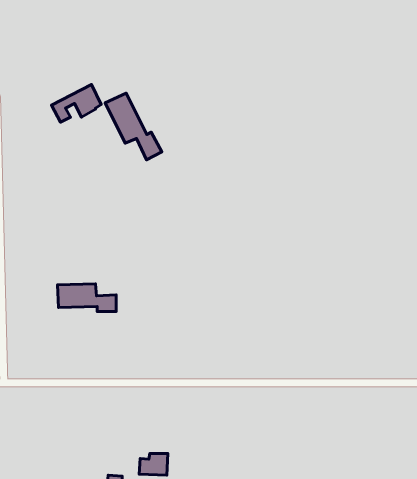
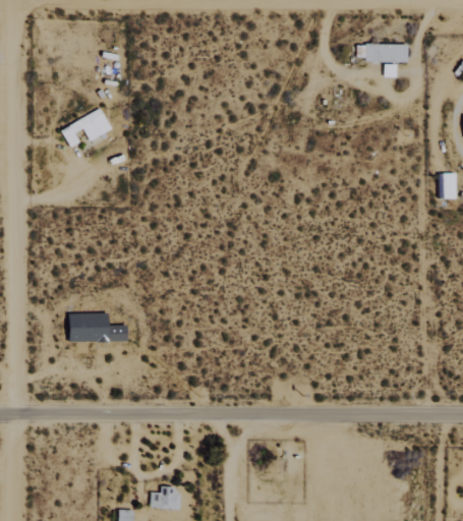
building: none -> [359,43,408,61]
building: [105,93,162,160] -> none

